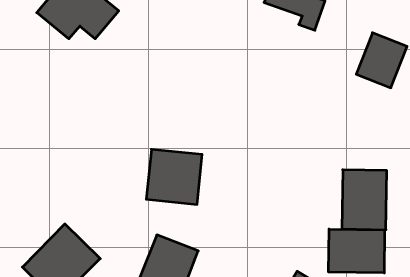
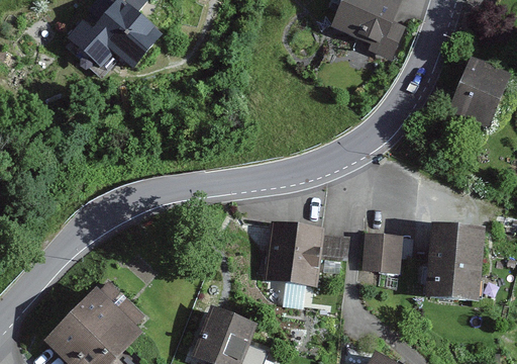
building: [146,149,202,204] -> [263,223,329,289]
building: none -> [364,234,406,276]
building: [329,229,385,273] -> none

